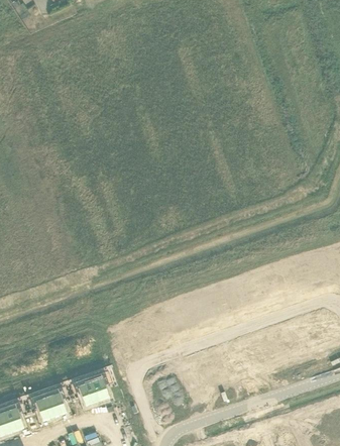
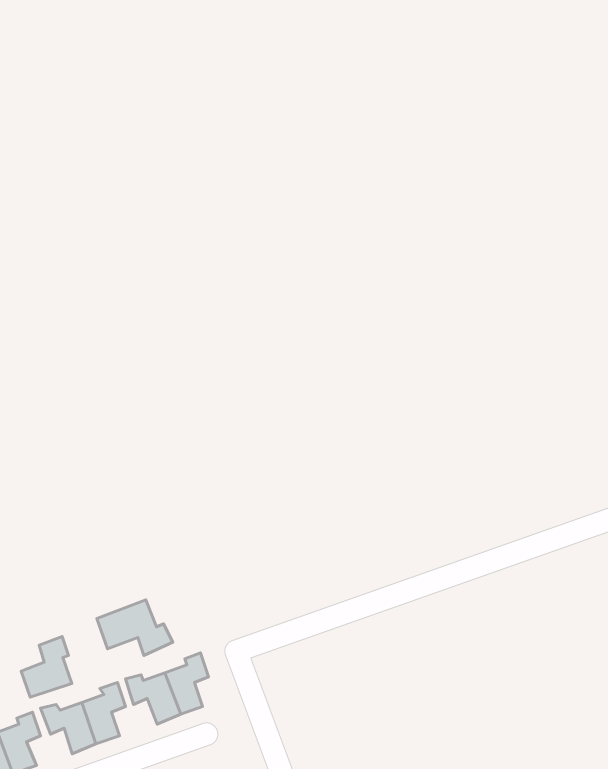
building: none -> [97,600,173,655]
building: none -> [21,636,72,697]

